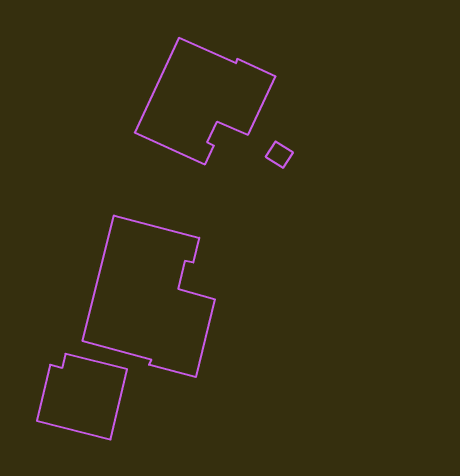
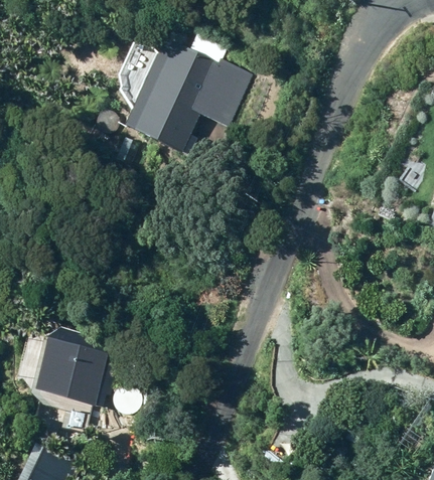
building: [83,215,215,377] -> none

